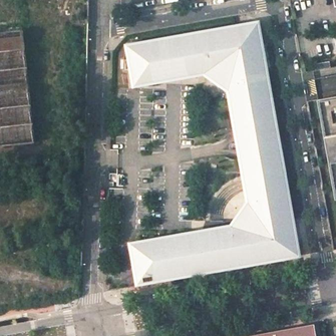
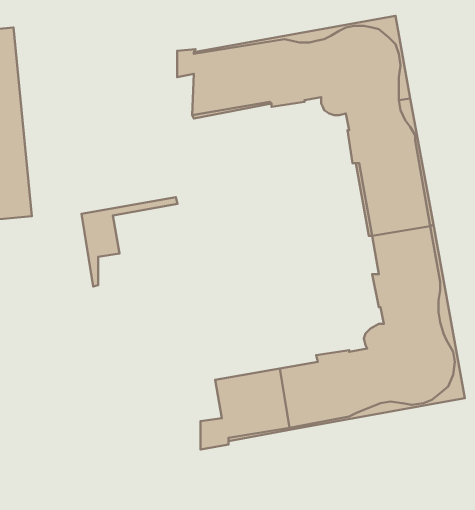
building: [127,232,186,286] -> [82,197,177,287]

